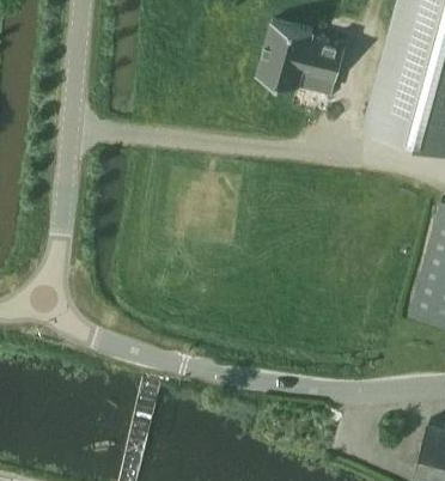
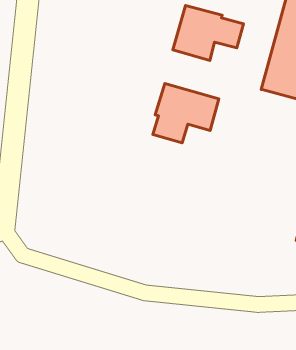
building: none -> [153,84,219,143]

